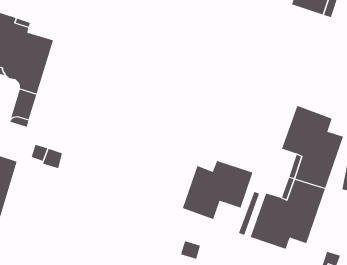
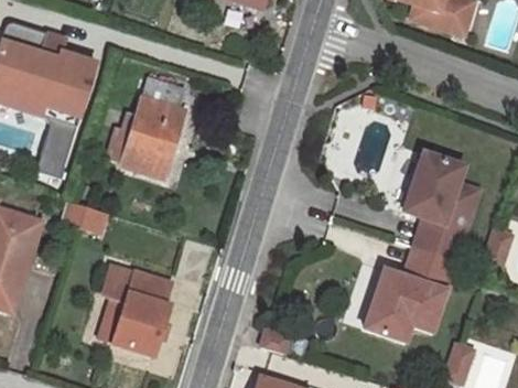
building: none -> [123,77,185,176]
building: [182,160,253,220] -> none
building: none -> [97,265,172,356]

